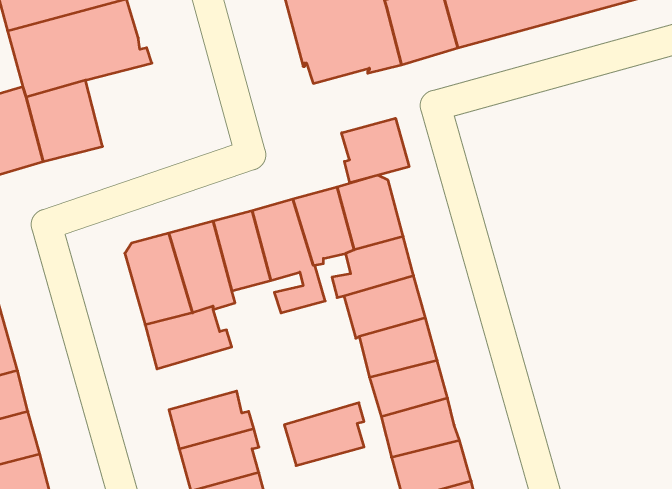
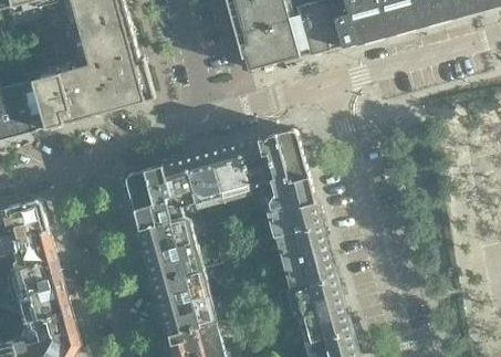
building: none -> [101,56,155,111]
building: [342,118,409,183] -> none
building: [284,403,364,466] -> [147,241,199,282]

